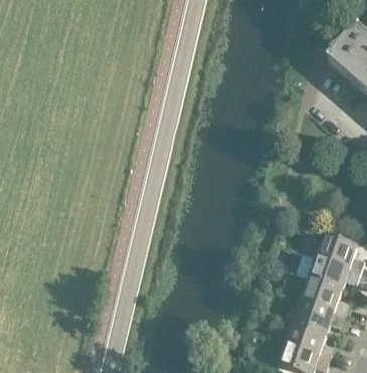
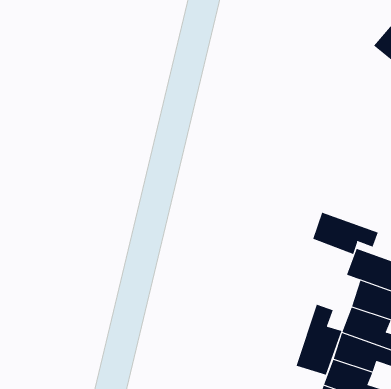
building: none -> [313,212,379,255]
building: none -> [296,304,342,375]

